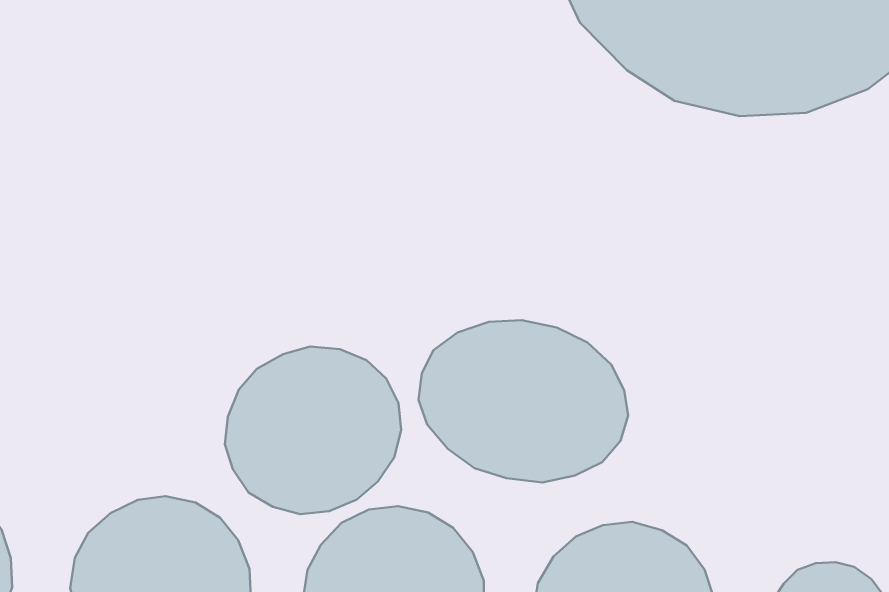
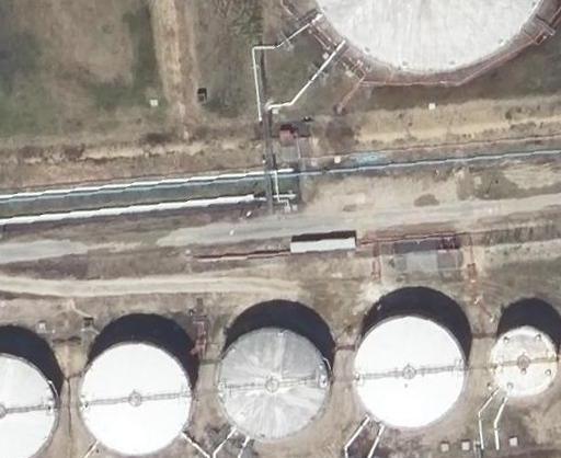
building: [418,320,628,483] -> none
building: [225,346,401,514] -> none

